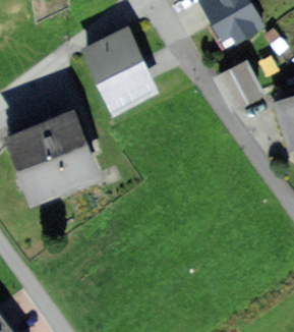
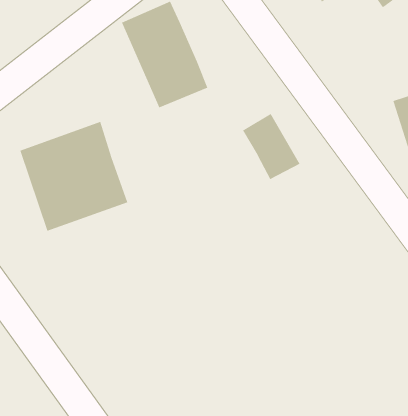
building: [217,59,257,106] -> [242,113,300,180]

